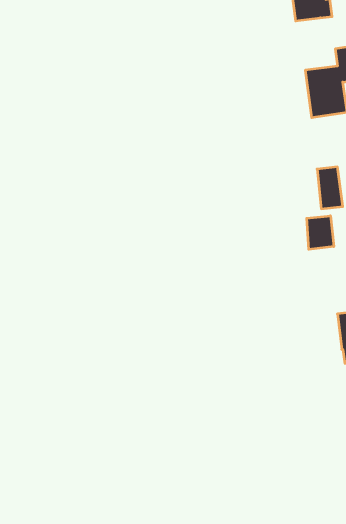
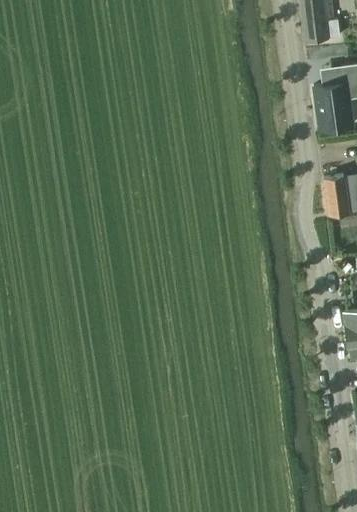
building: [307,216,334,249] -> none

